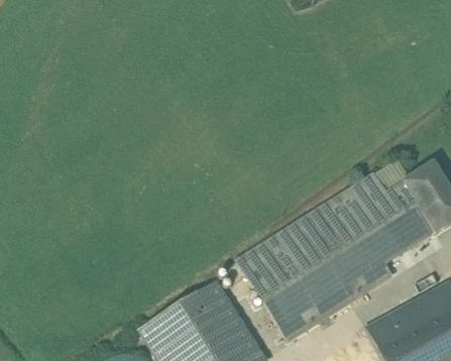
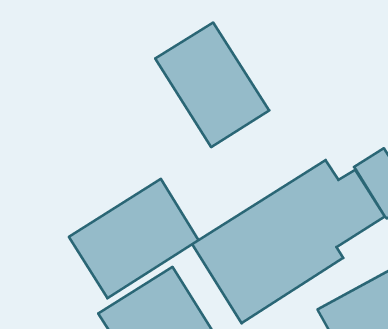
building: none -> [155,23,269,147]
building: none -> [69,179,198,298]

